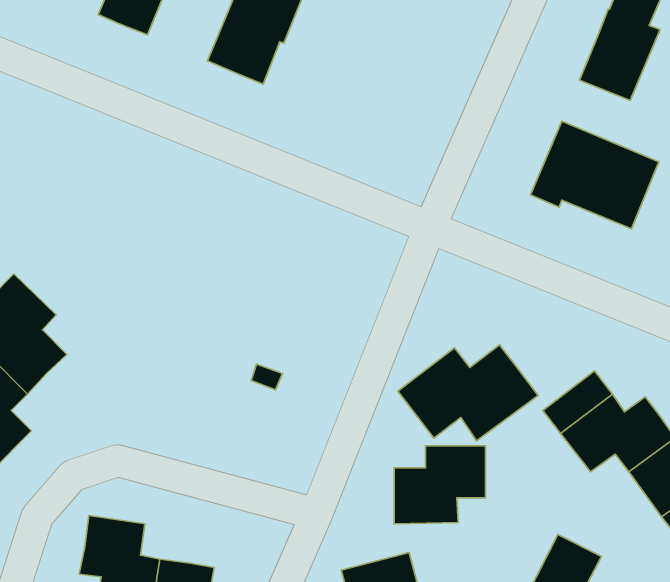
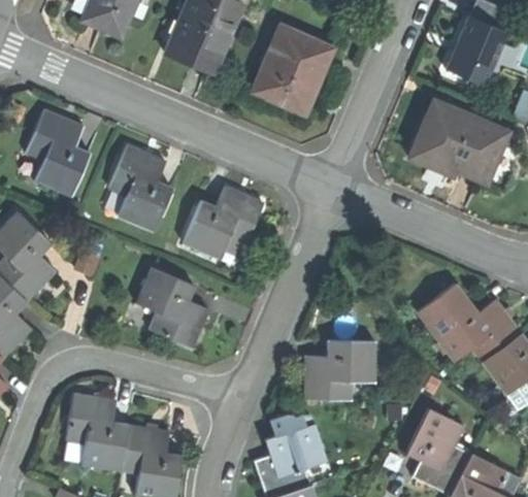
building: none -> [252,22,331,108]
building: none -> [29,108,90,195]
building: none -> [111,144,173,231]
building: none -> [186,188,264,260]
building: [398,345,538,441] -> none
building: none -> [137,268,207,350]

